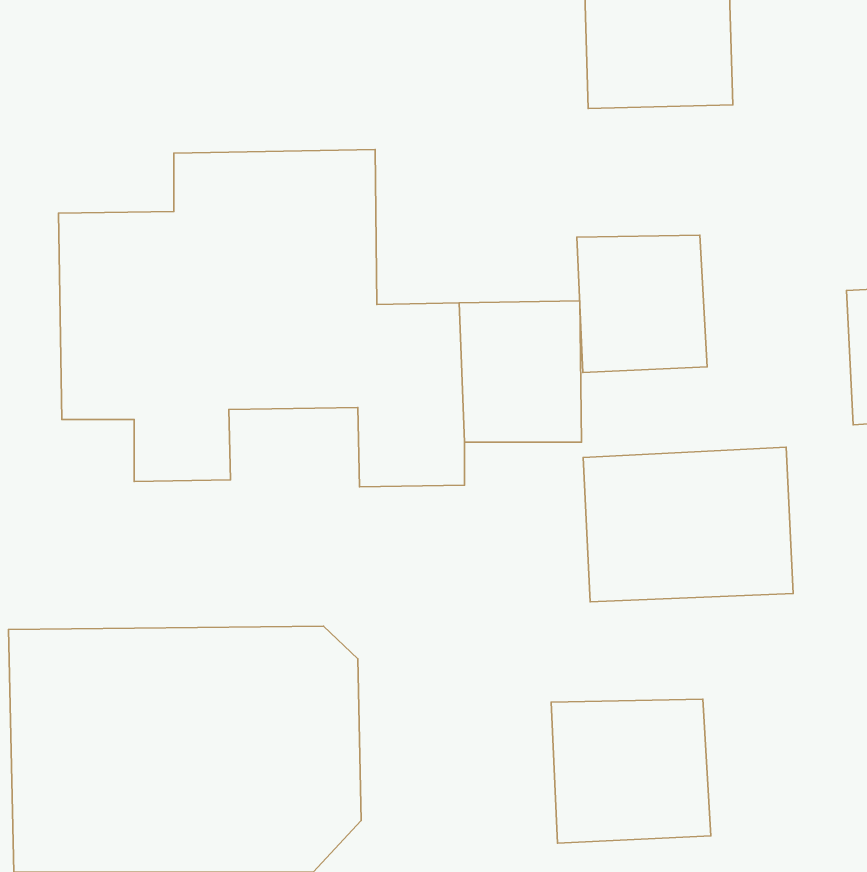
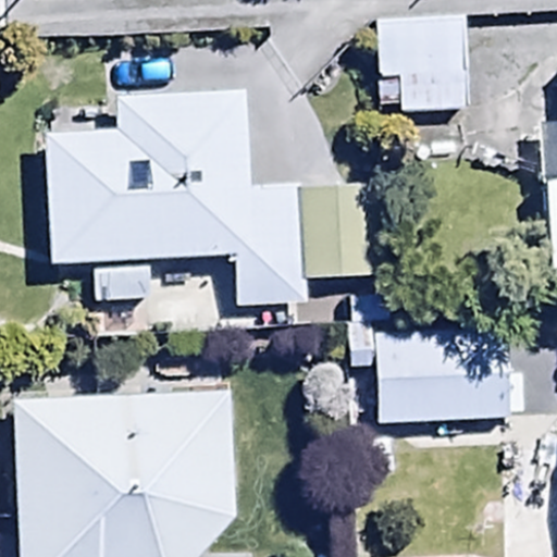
building: [577,235,707,373] -> none
building: [551,699,711,843] -> none

